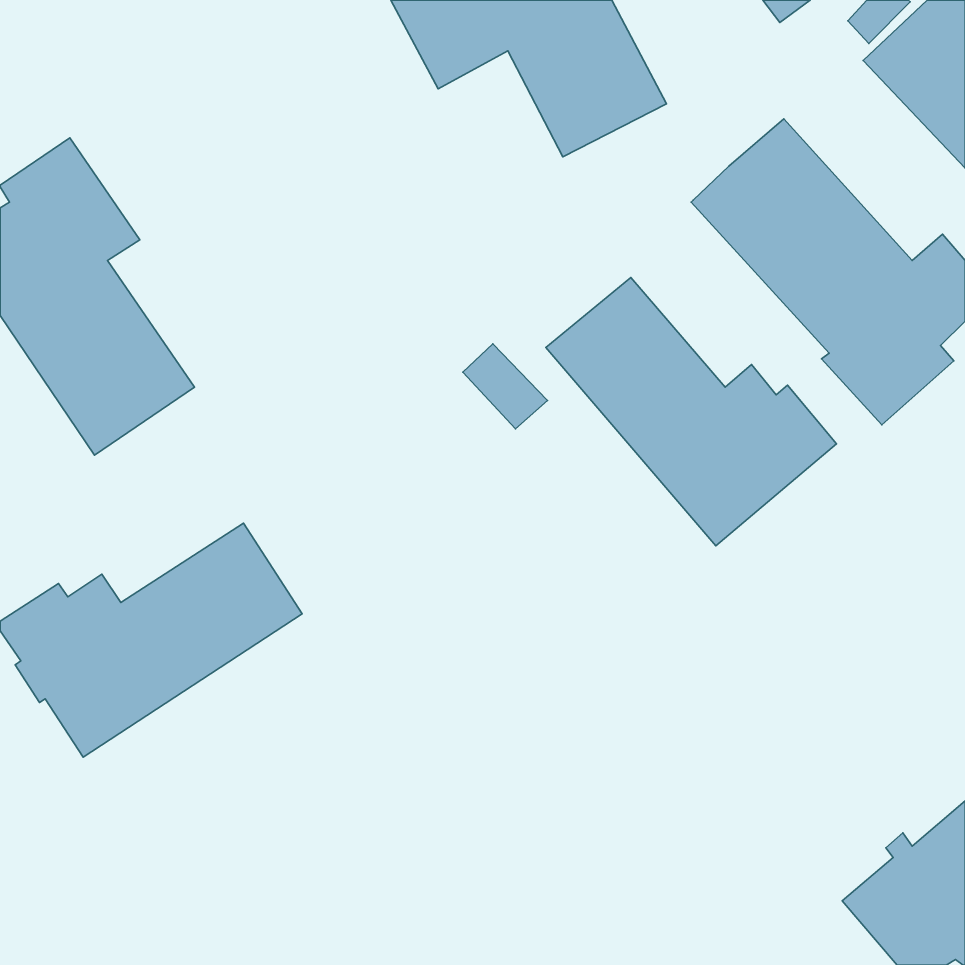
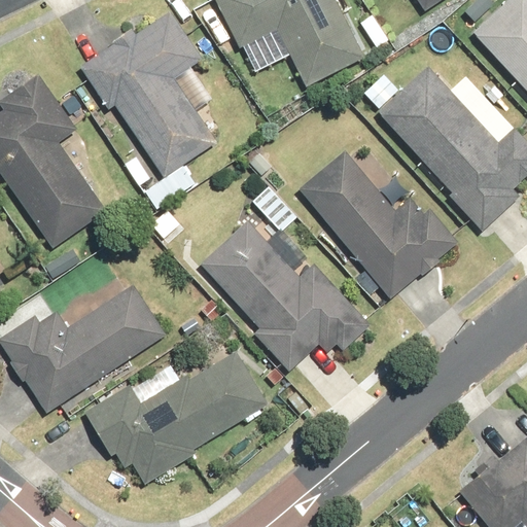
building: none -> [79,10,217,179]
building: none -> [201,221,374,371]
building: none -> [84,352,267,483]

